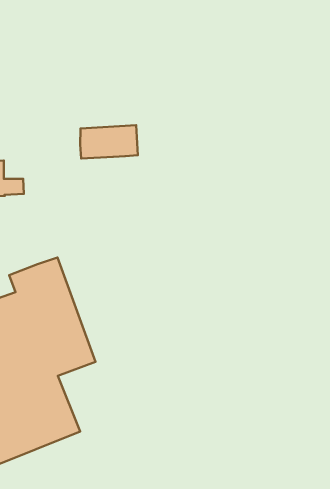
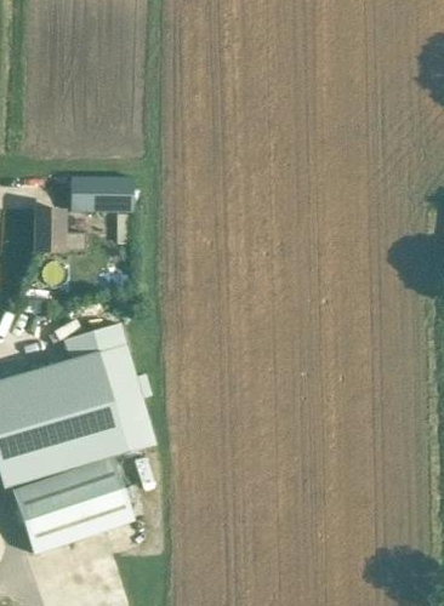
building: [80,125,138,158] -> [69,176,133,210]

